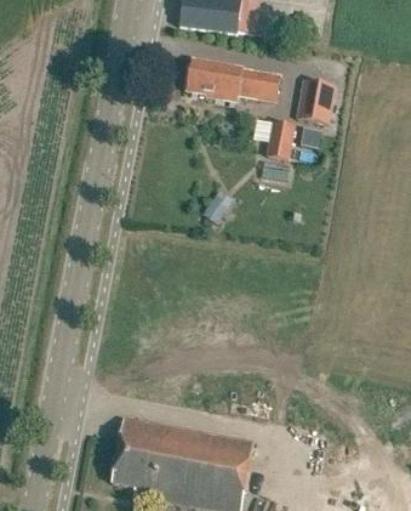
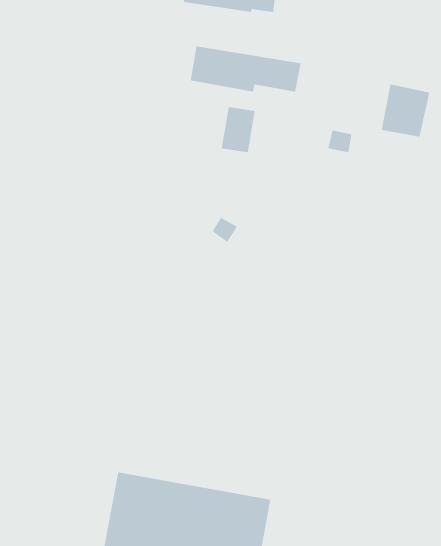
building: [296,78,337,123] -> [381,84,430,137]
building: [266,123,295,161] -> [221,106,256,153]

